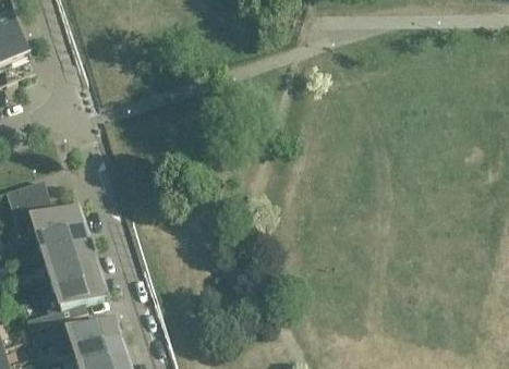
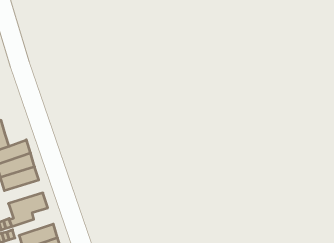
building: [47,257,98,288] -> none

